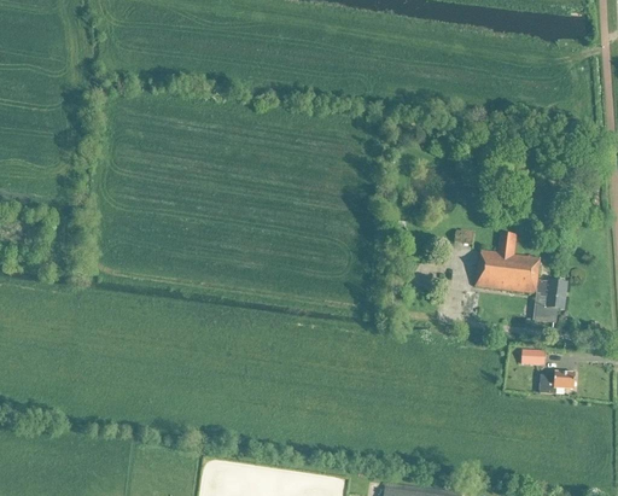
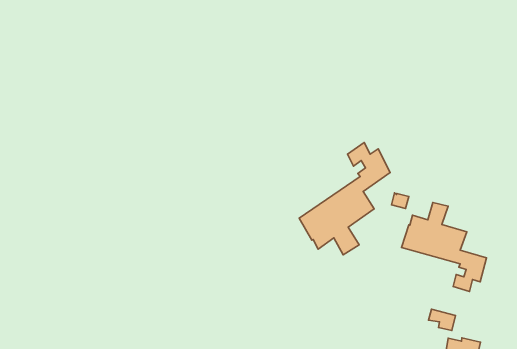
building: none -> [299,142,390,255]

